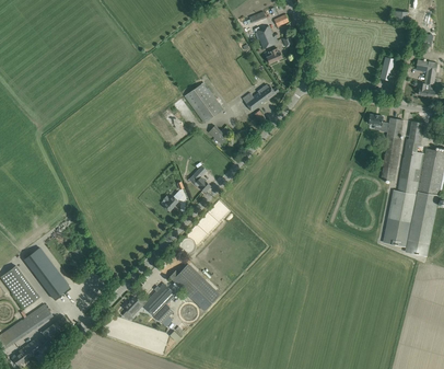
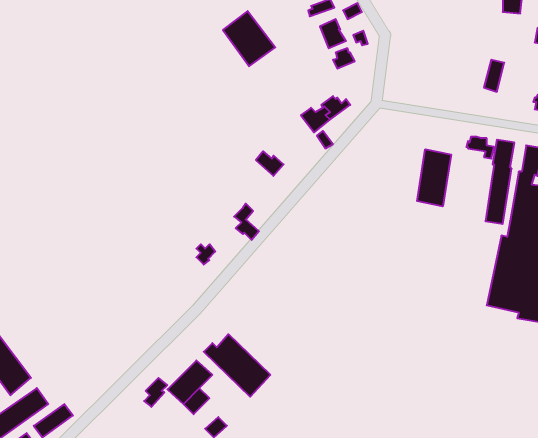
building: [184,82,223,124] -> [223,11,275,66]
building: none -> [417,149,451,206]
building: [23,247,63,291] -> none

